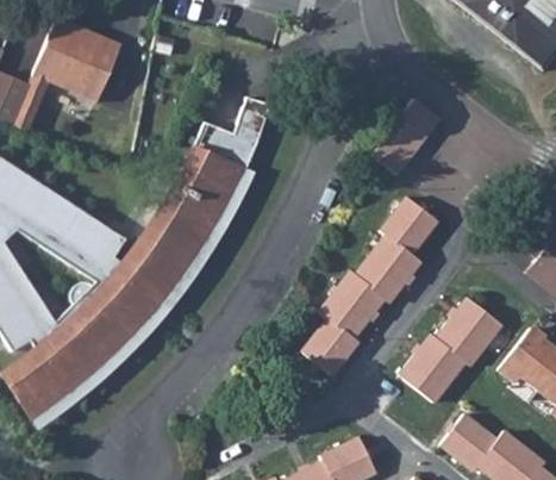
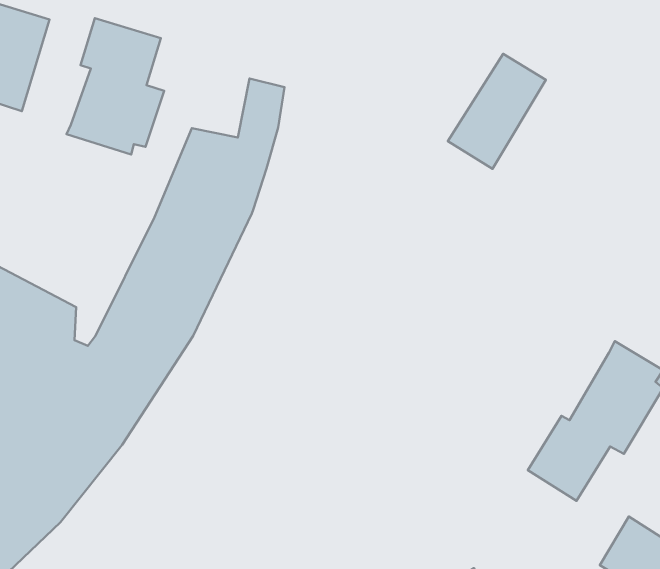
building: none -> [67,18,164,155]
building: [304,198,438,375] -> none

